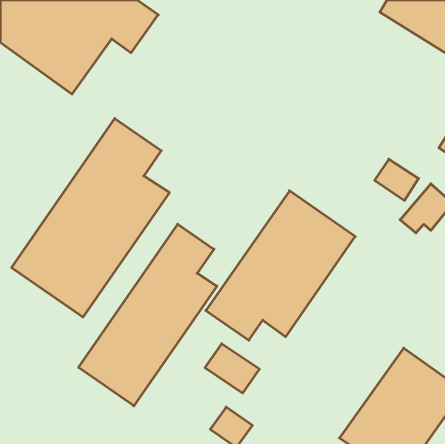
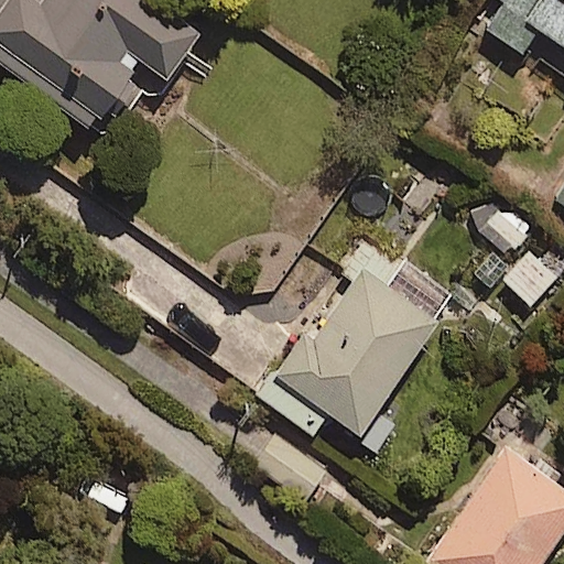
building: [12,118,169,317] -> none
building: [79,224,217,406] -> none

